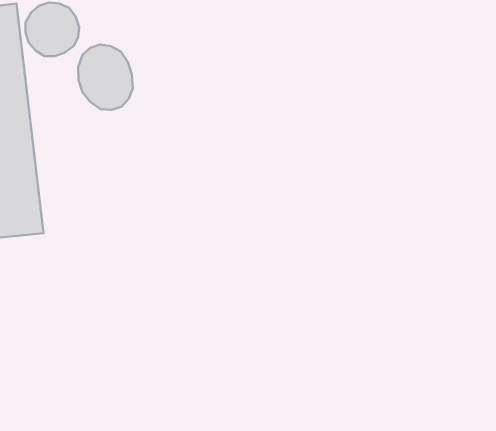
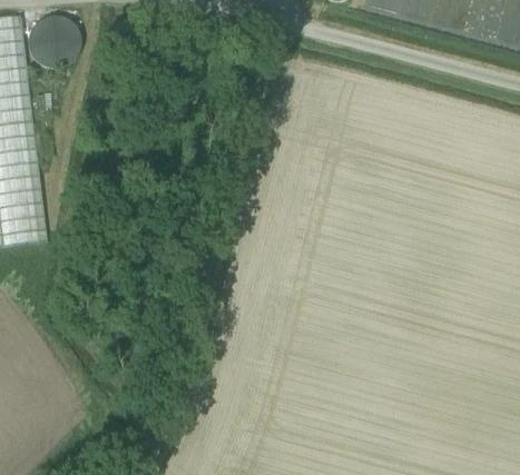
building: [78,45,133,110] -> none

